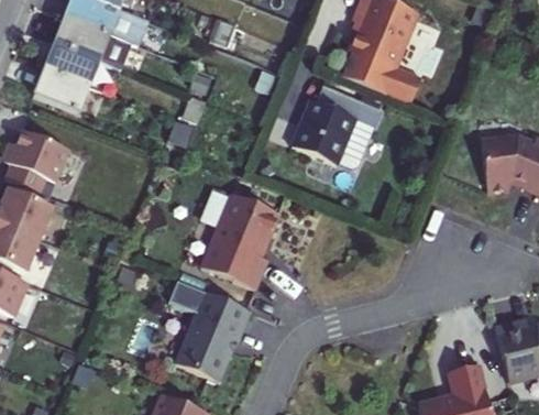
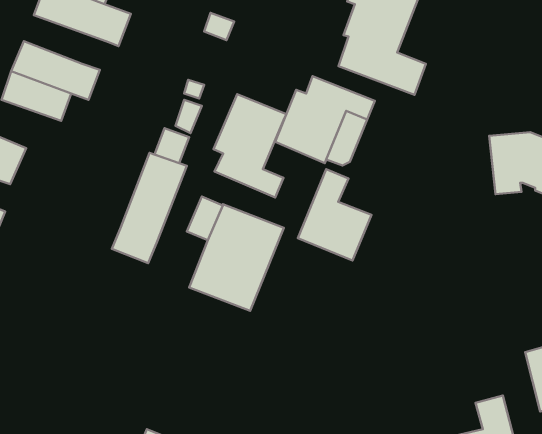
building: [56,26,132,75] -> none
building: none -> [214,94,286,198]
building: none -> [112,153,187,263]
building: none -> [298,169,372,261]
building: [174,282,253,381] -> none

